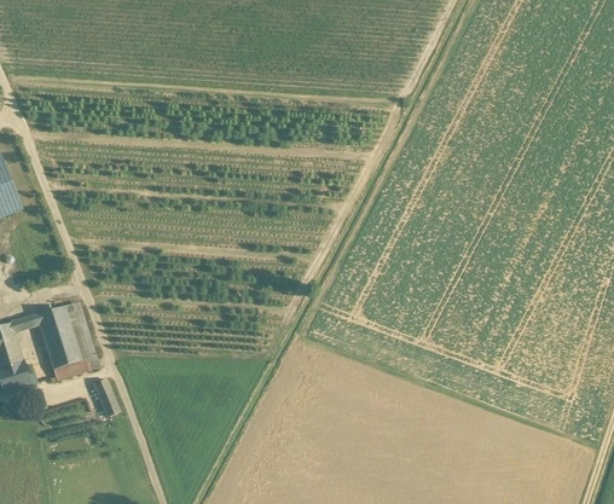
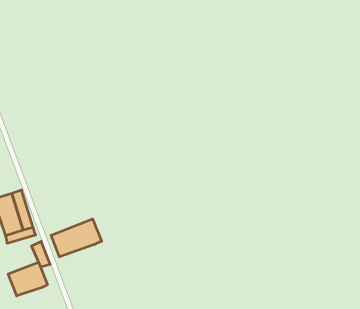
building: none -> [51,219,102,257]
building: none -> [8,262,47,296]

